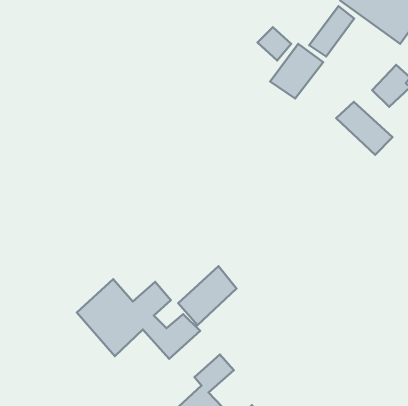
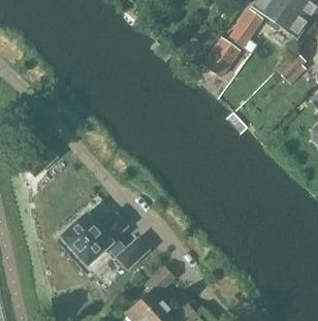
building: [336,102,392,155] -> none
building: [178,266,237,325] -> none

